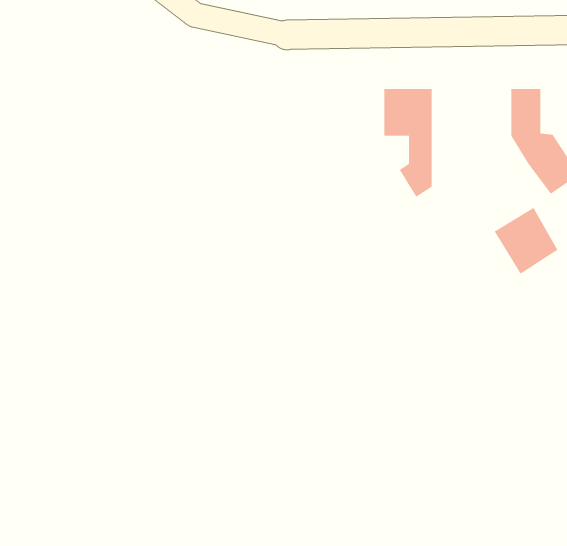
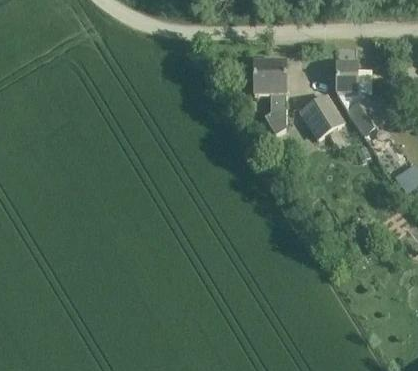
building: [494,207,558,274] -> [301,93,343,137]

